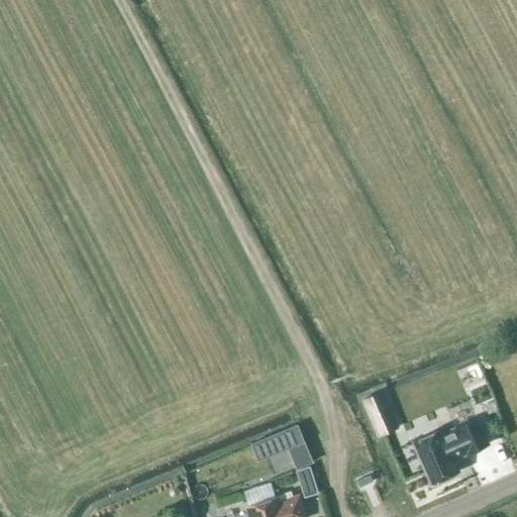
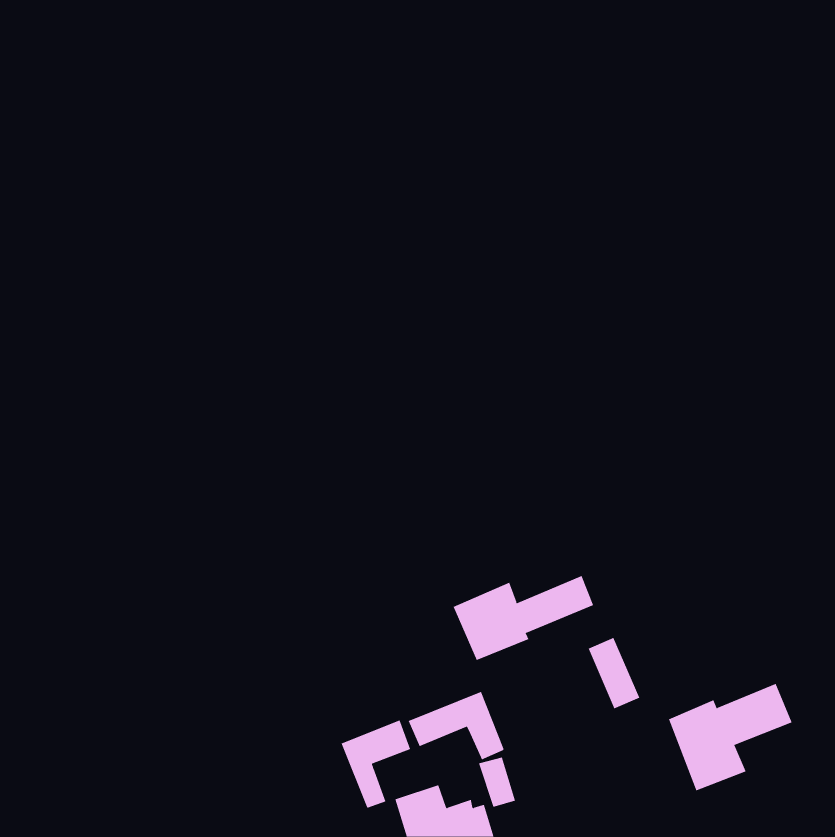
building: none -> [453,575,594,661]
building: none -> [341,720,411,809]

